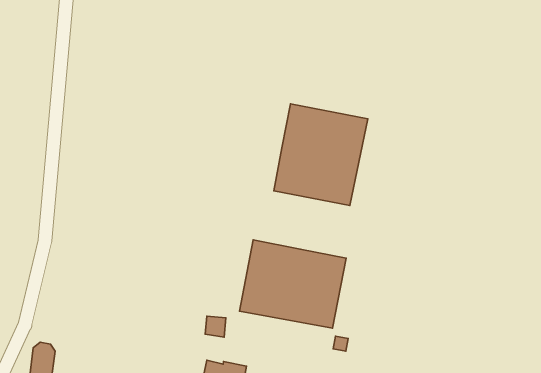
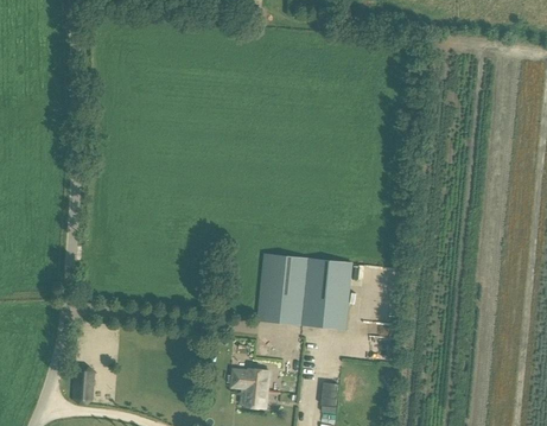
building: [274,104,368,205] -> none

